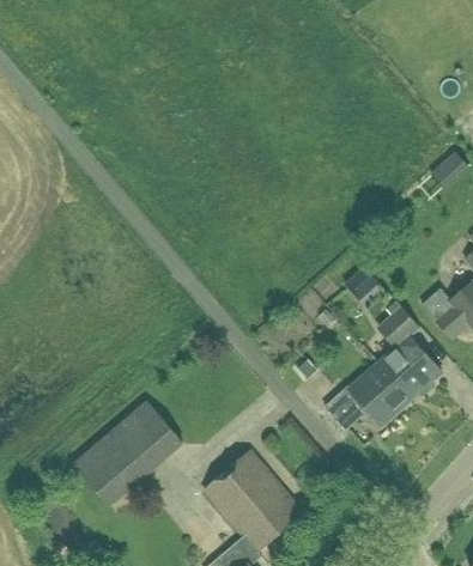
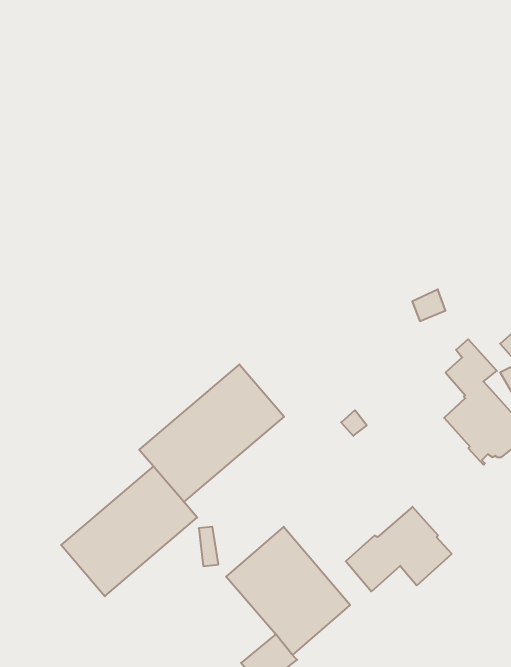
building: none -> [139,364,284,502]
building: [325,364,408,431] -> [346,507,452,591]

